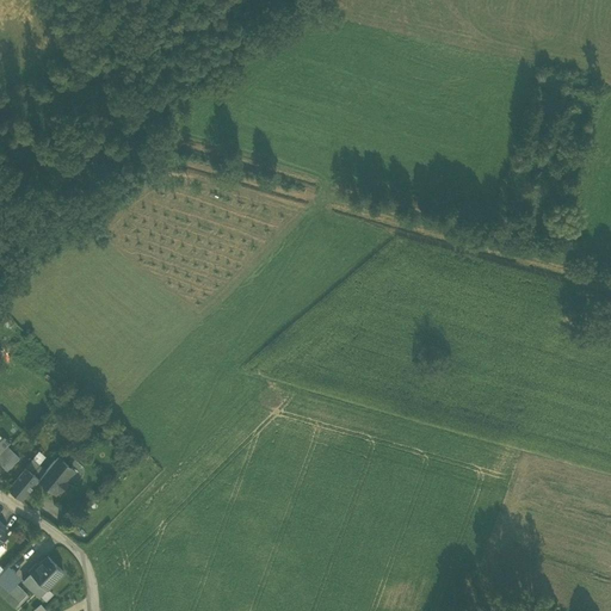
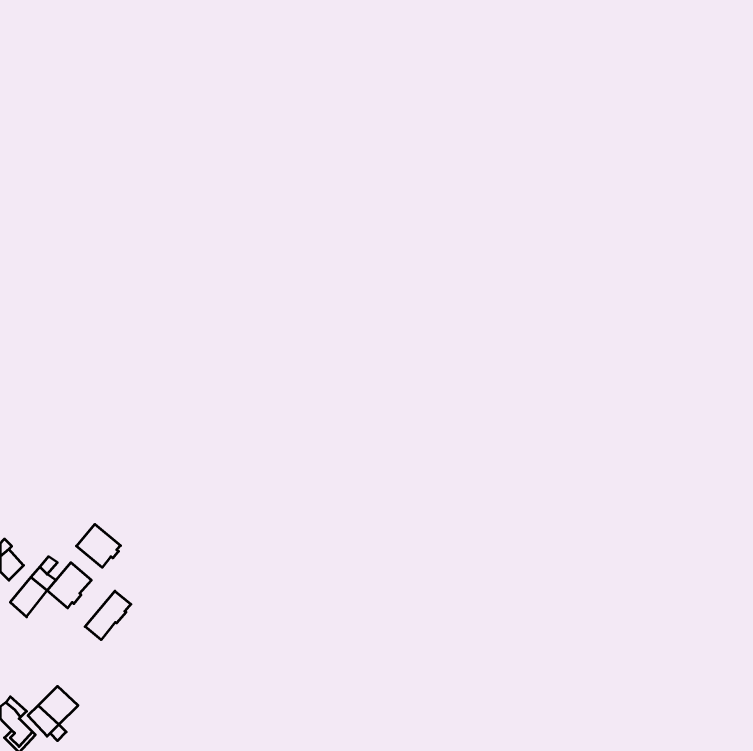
building: none -> [76,524,121,567]
building: none -> [85,591,131,640]

